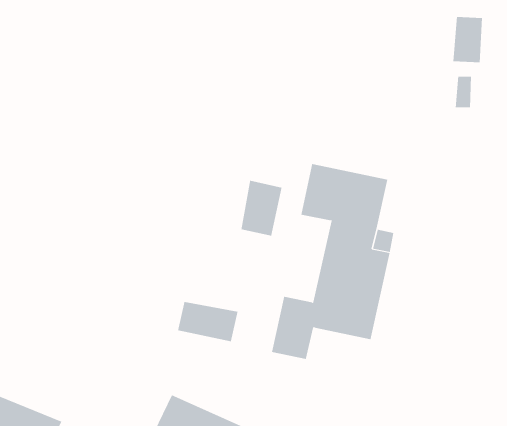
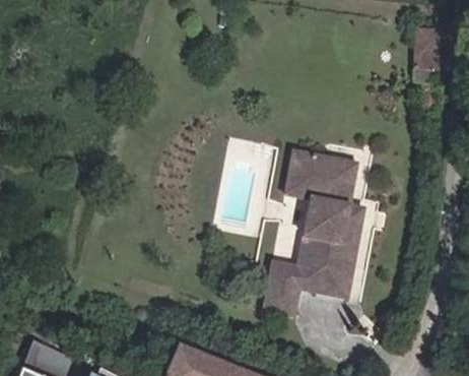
building: [241,180,282,237] -> none
building: [178,301,238,342] -> none

